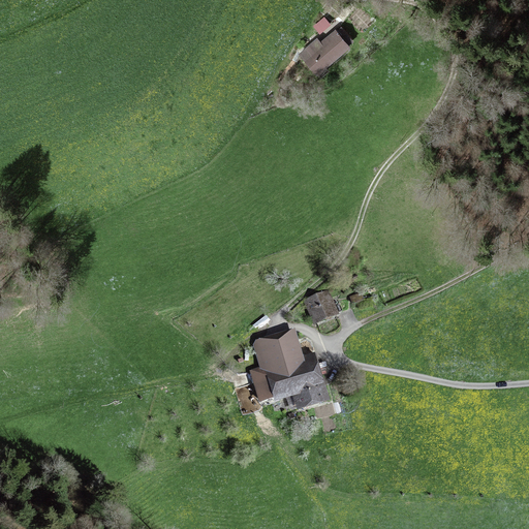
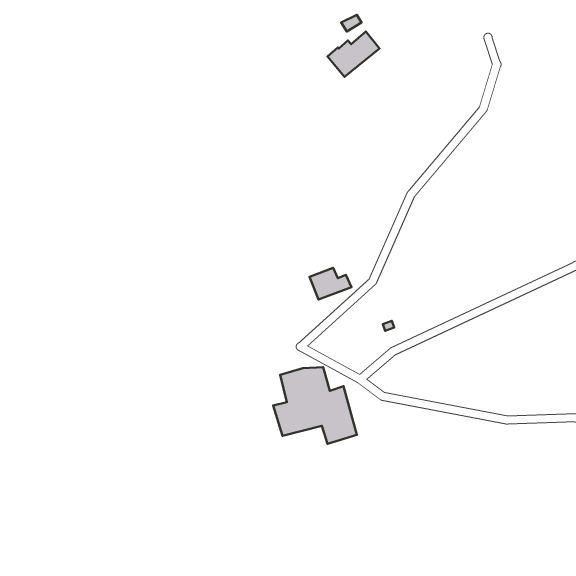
building: [303,293,341,322] -> [310,268,351,300]

